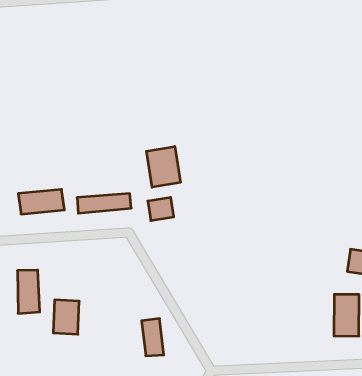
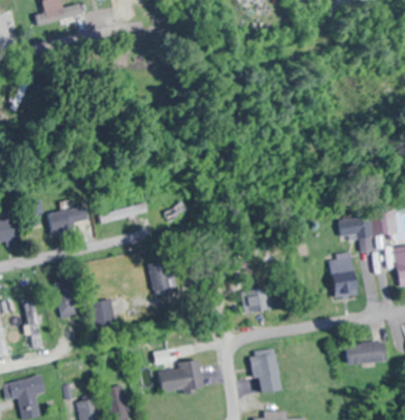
building: [146,146,180,187] -> none
building: none -> [240,287,264,314]
building: [142,319,164,356] -> [146,260,170,294]

